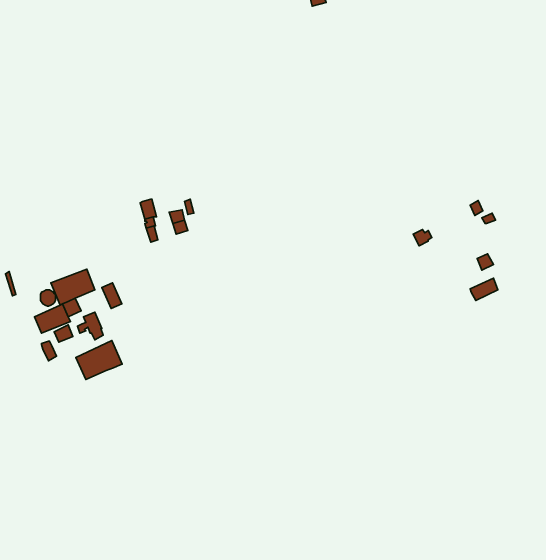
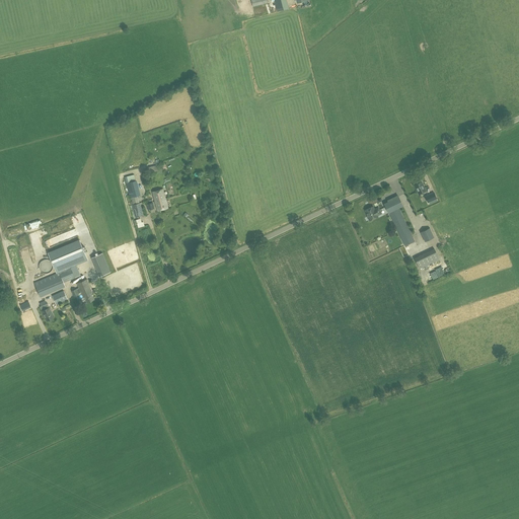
building: none -> [383,197,414,245]
building: [76,341,122,379] -> none

